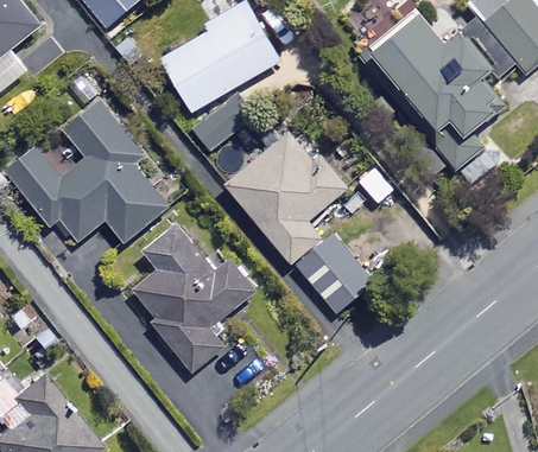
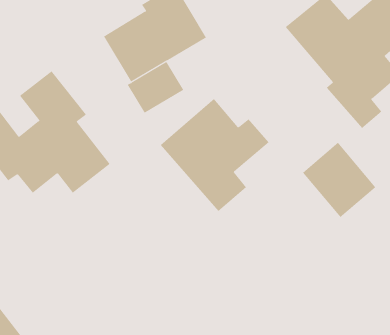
building: [128,222,253,373] -> none
building: [292,228,378,316] -> [302,142,376,218]

